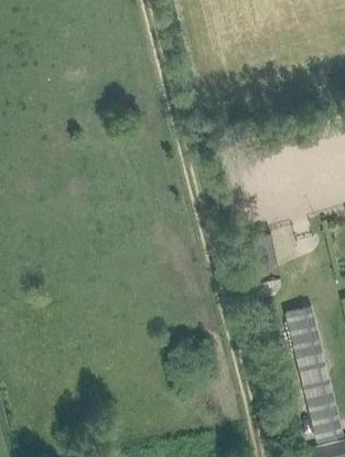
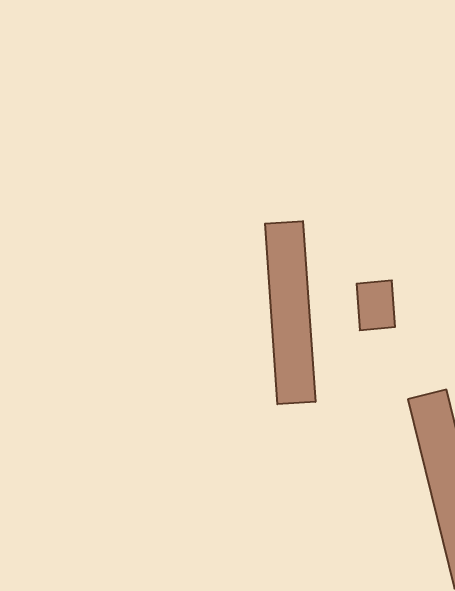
building: none -> [265,221,315,404]

